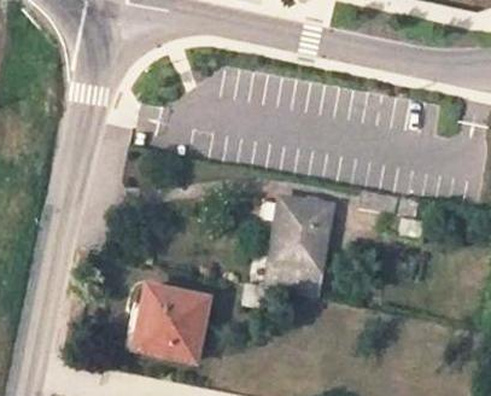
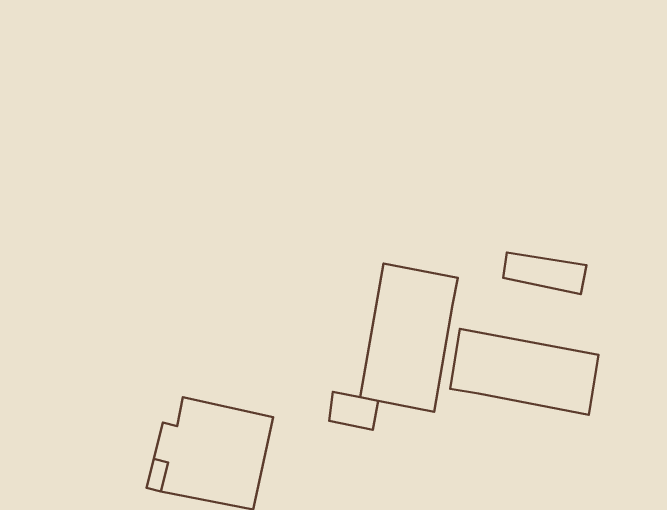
building: none -> [450,329,599,415]

